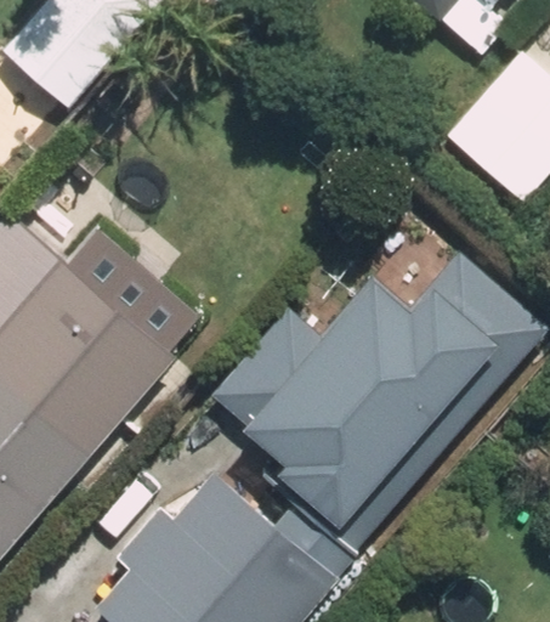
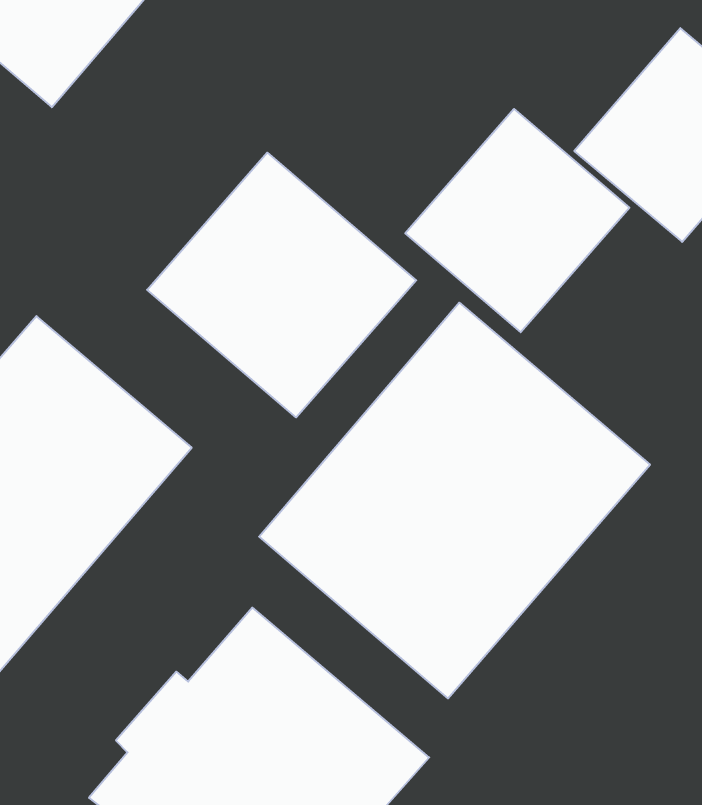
building: none -> [405,109,629,332]
building: none -> [147,153,416,417]

